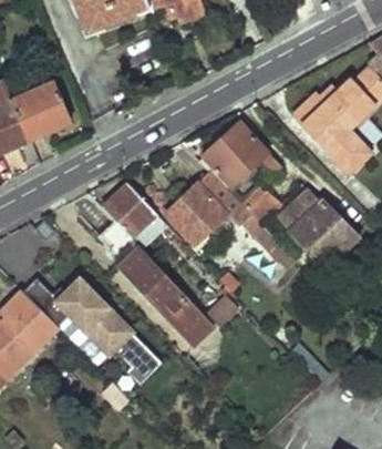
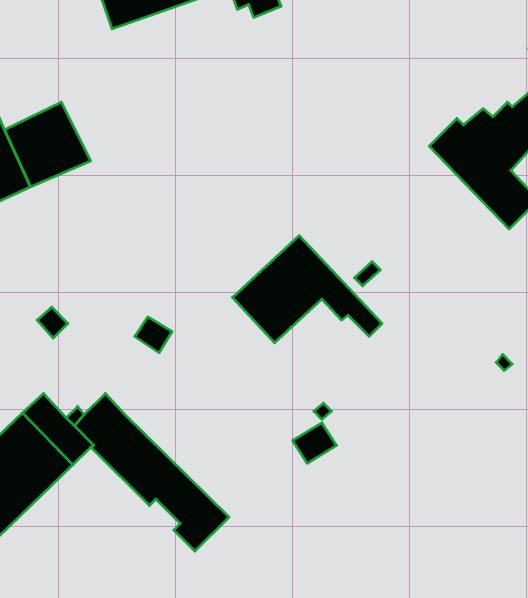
building: [202,120,282,186] -> none
building: [100,182,176,238] -> none
building: [277,191,357,267] -> none
building: [120,247,213,344] -> none

